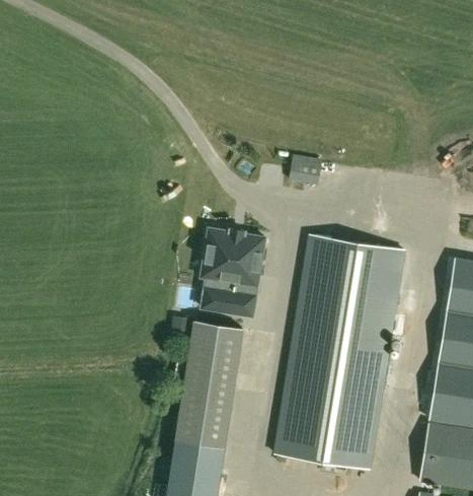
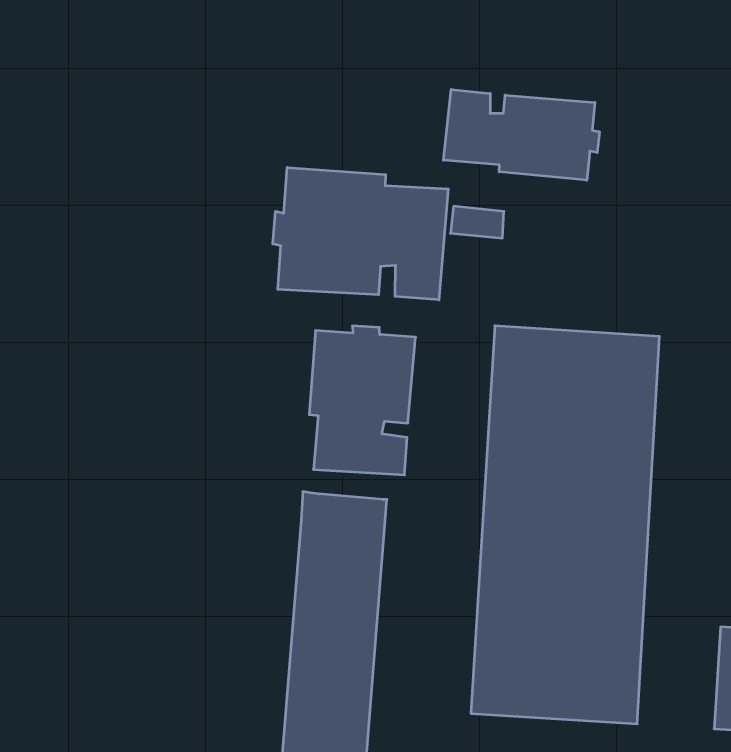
building: none -> [443,89,599,180]
building: none -> [273,167,448,300]

